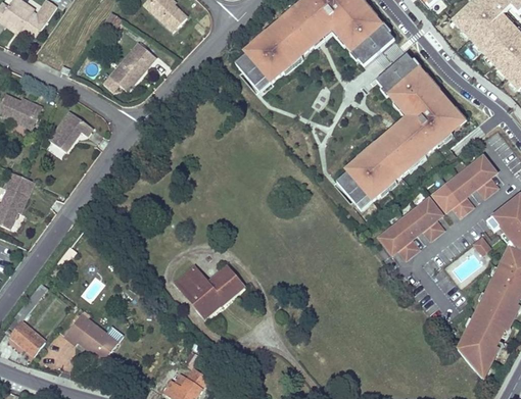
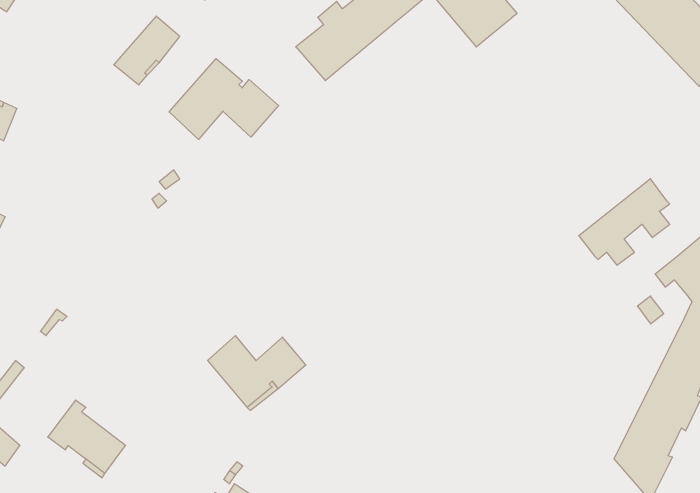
building: [335,52,454,202] -> none
building: none -> [169,59,279,139]
building: [50,111,94,152] -> none
building: [380,199,443,259] -> none

